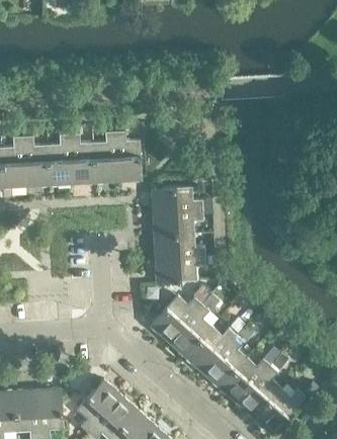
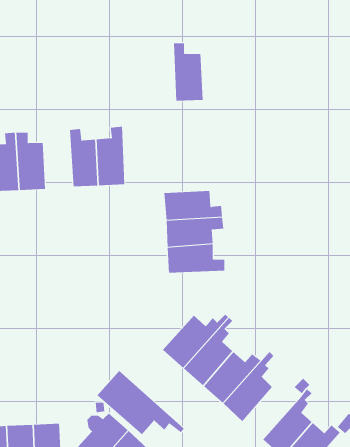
building: [116,130,143,181] -> [173,43,204,101]
building: [48,134,73,185] -> none
building: [156,256,206,282] -> none
building: none -> [96,370,185,435]
building: [221,357,271,403] -> none

